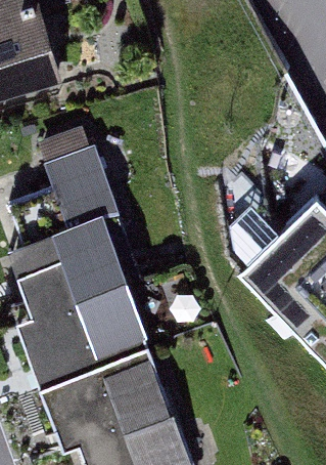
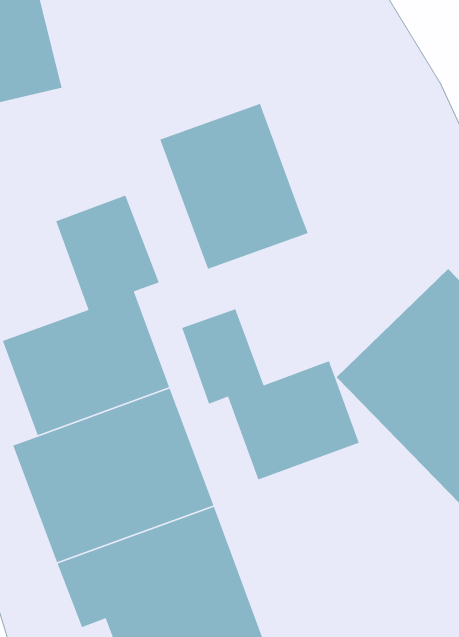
building: none -> [159,103,309,270]
building: none -> [181,308,360,481]

